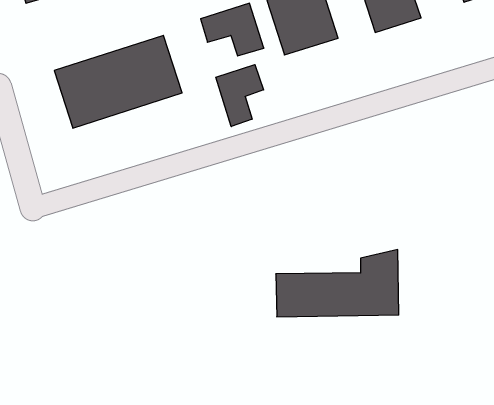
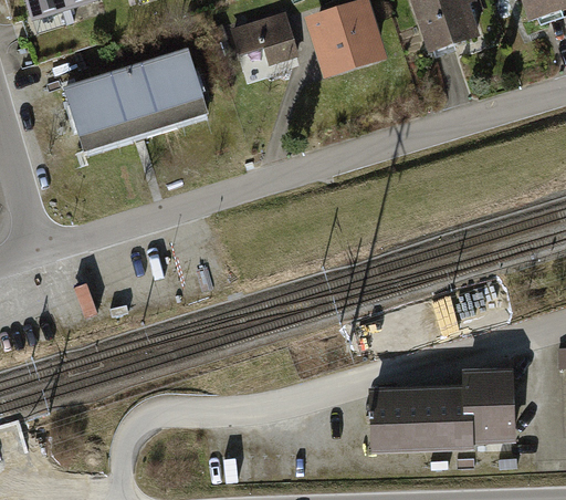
building: [216,65,264,127] -> none
building: [276,250,399,317] -> [375,374,514,450]

